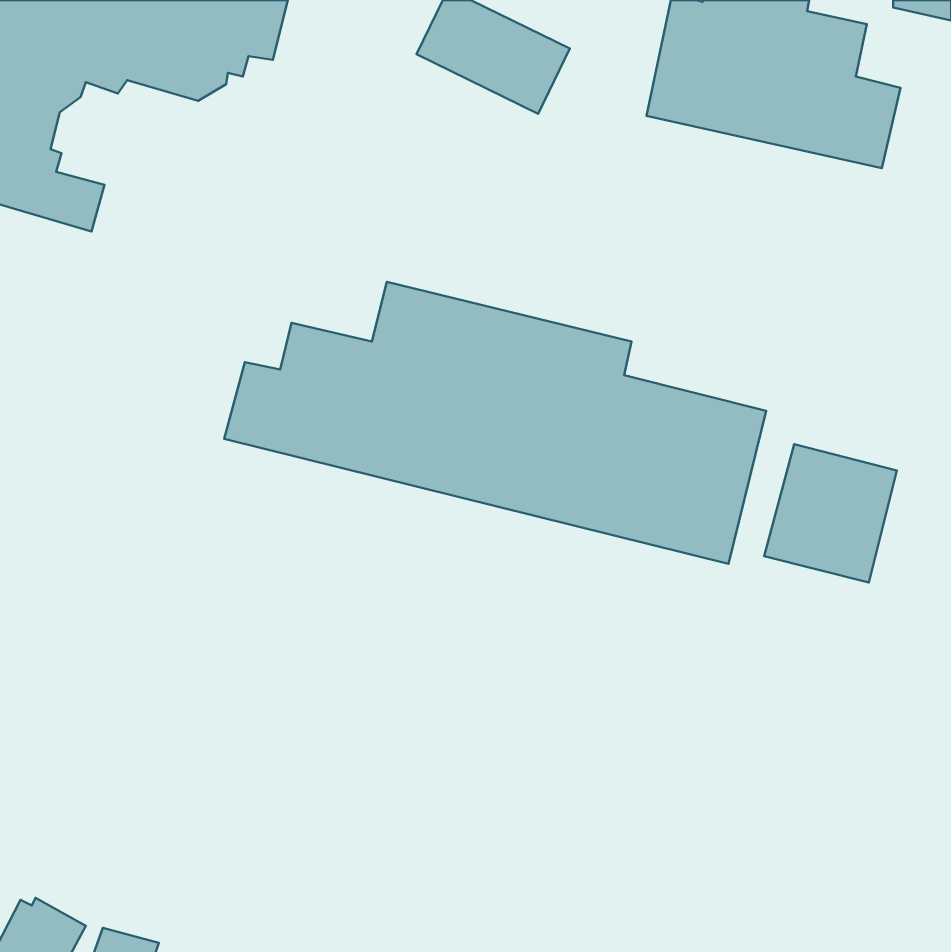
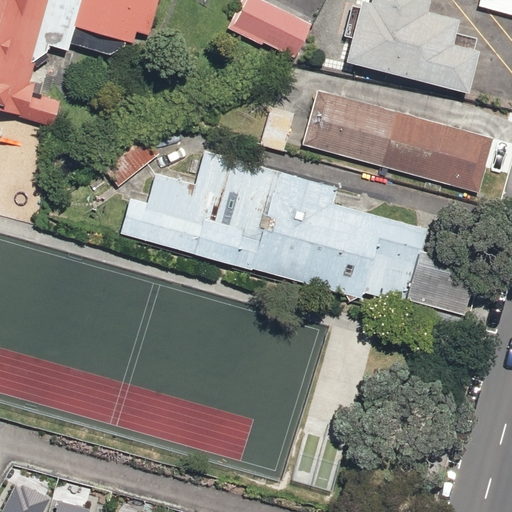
building: none -> [302,87,496,194]

